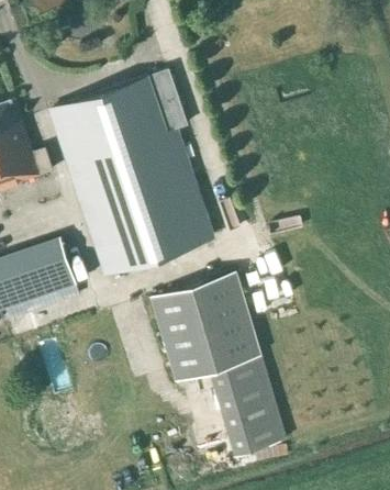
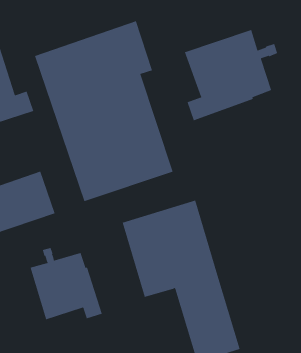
building: none -> [184,29,278,121]
building: none -> [30,247,102,320]

